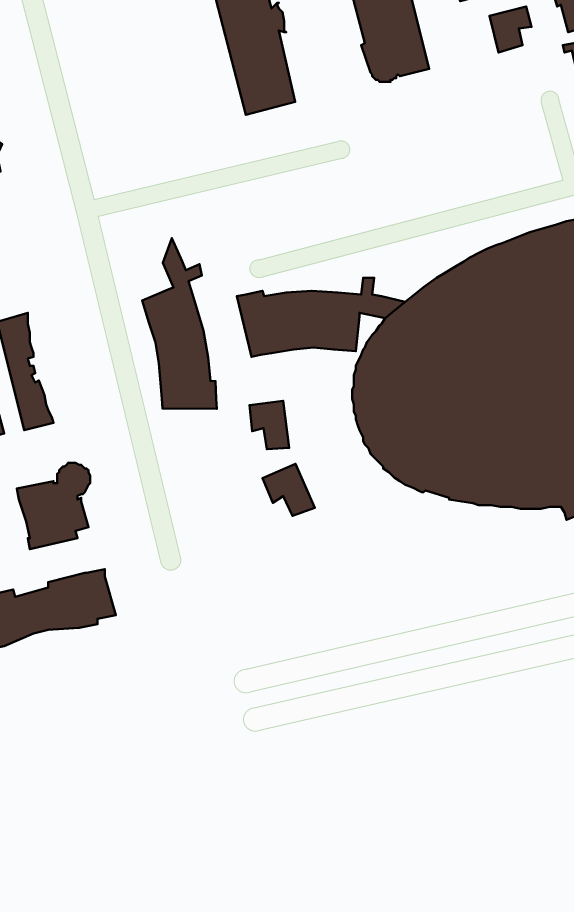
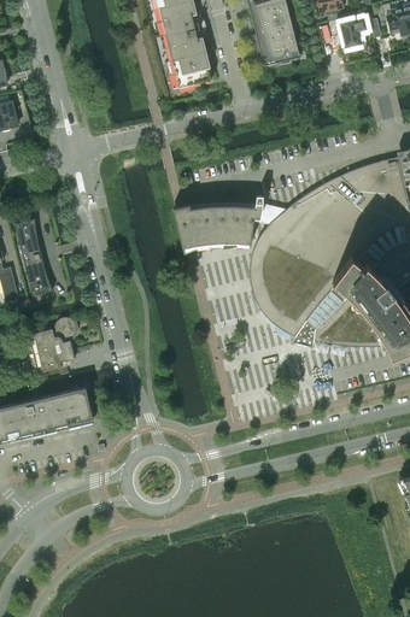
building: [142,238,217,409] -> none
building: [249,401,289,449] -> none
building: [262,464,315,516] -> none

